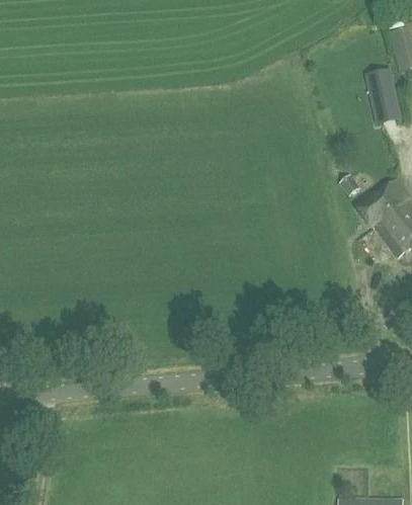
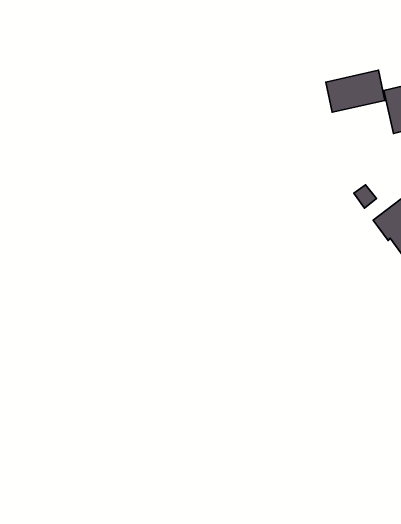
building: none -> [326,70,385,112]

